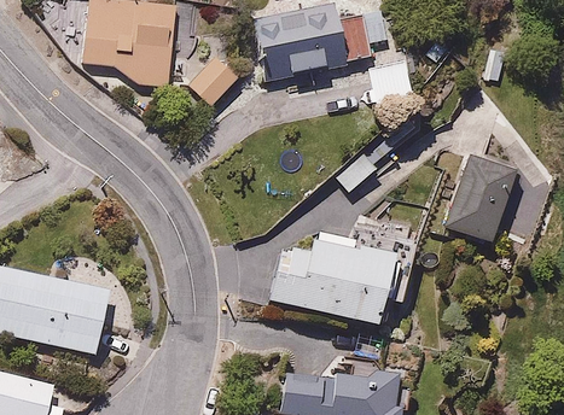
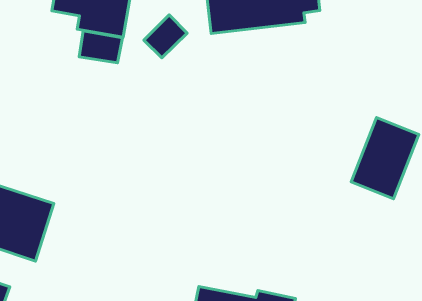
building: none -> [79,31,122,63]
building: [263,217,417,320] -> none

